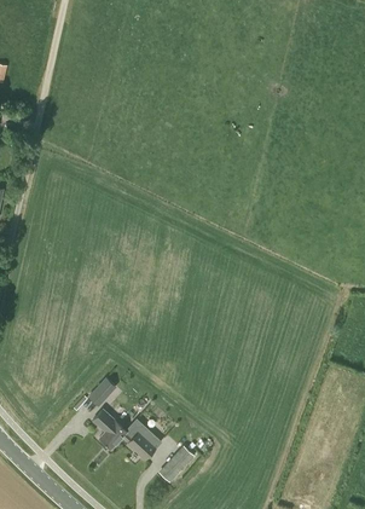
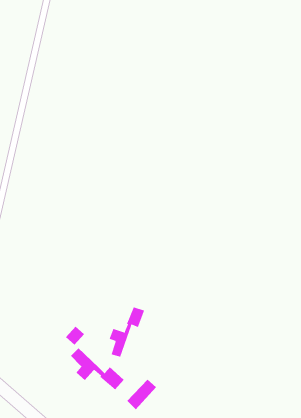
building: none -> [109,306,145,357]

